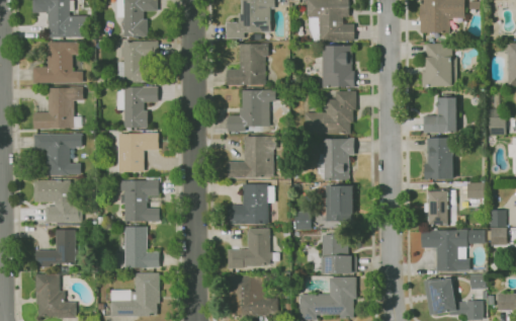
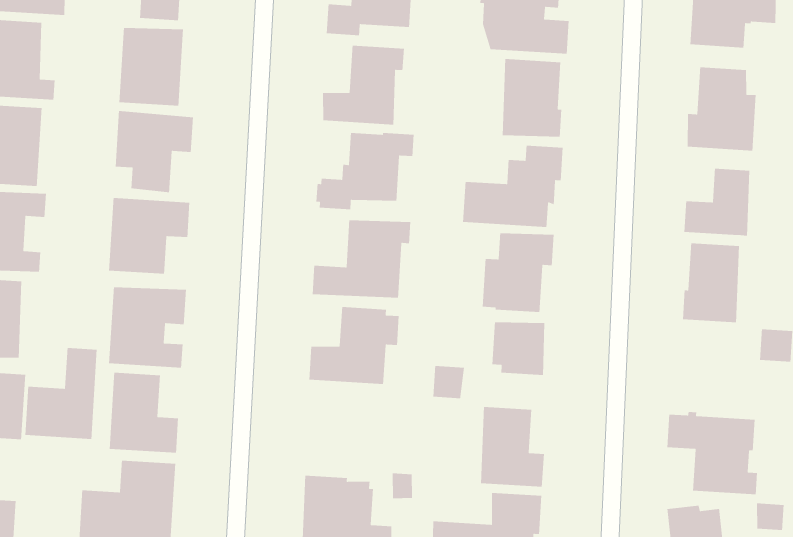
building: [425,189,455,226] -> none
building: none -> [24,347,98,440]
building: [228,228,272,268] -> none

